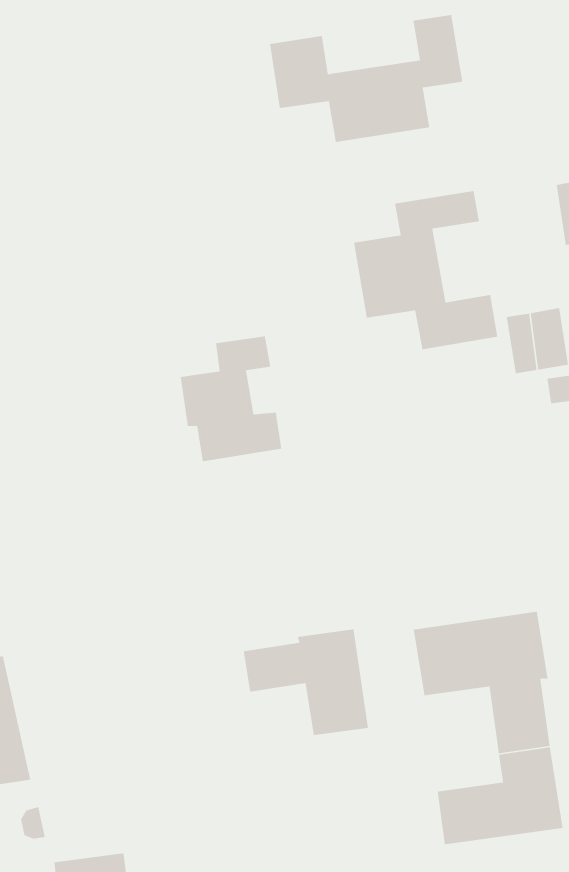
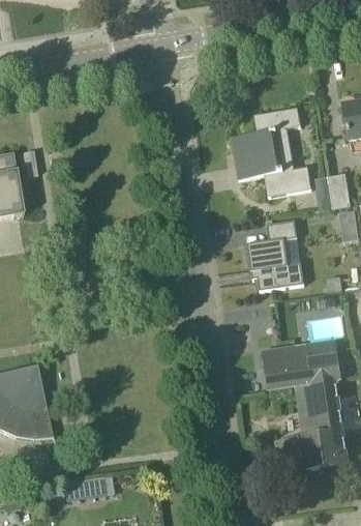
building: [269,14,463,143] -> none
building: [180,336,282,462] -> [247,218,304,289]
building: [243,629,369,736] -> none

